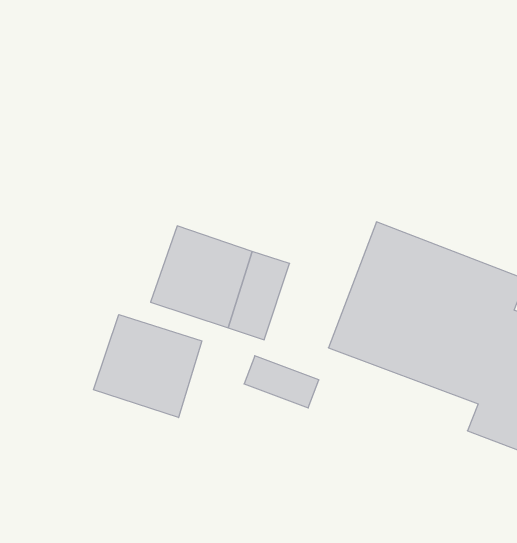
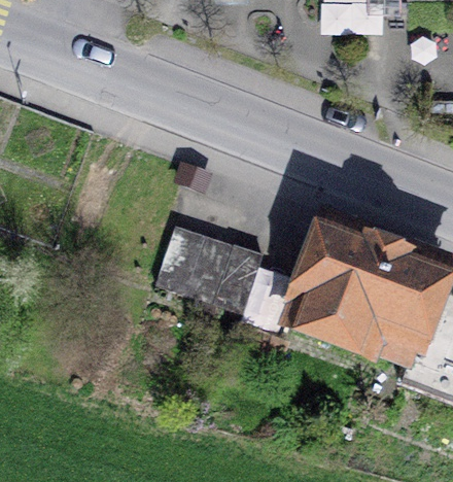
building: [93,315,202,418] -> none

